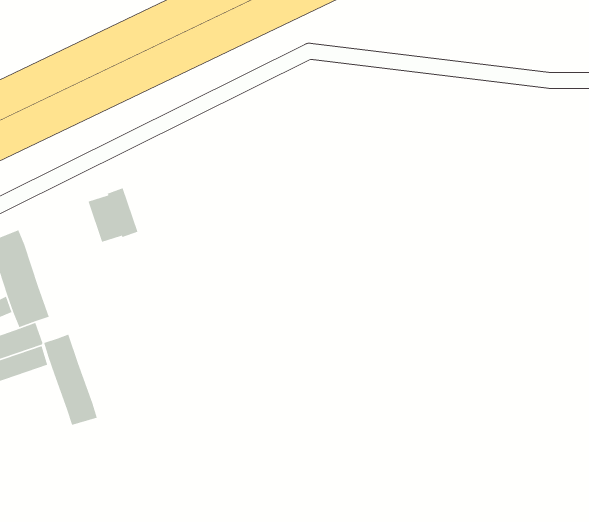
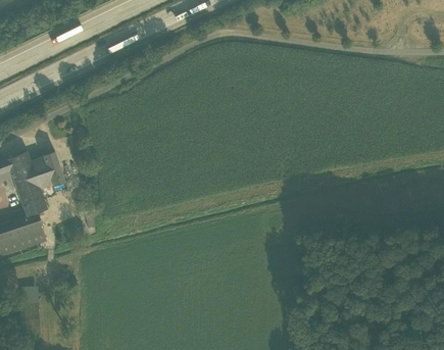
building: [88,187,139,243] -> [32,153,65,190]
building: [43,334,98,426] -> none

